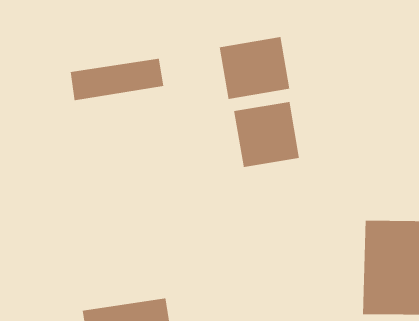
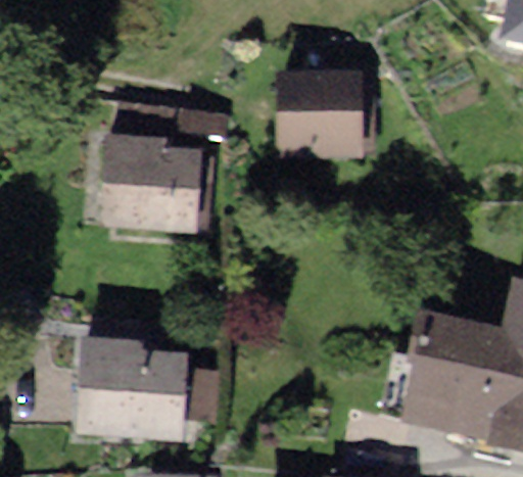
building: [234,101,300,168] -> none
building: none -> [114,150,204,227]

